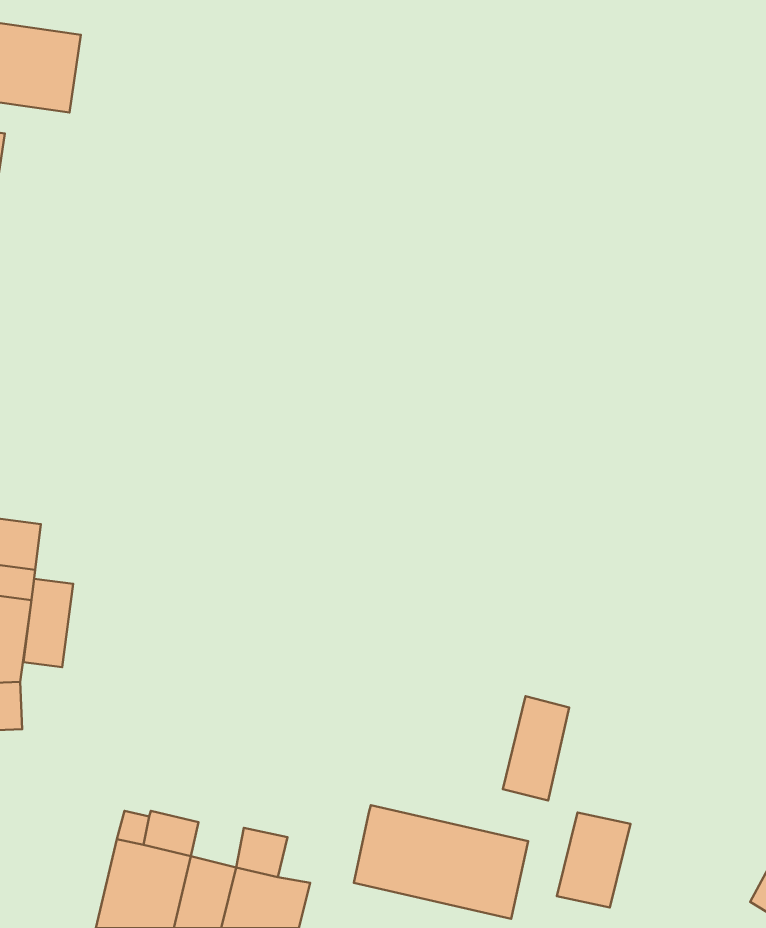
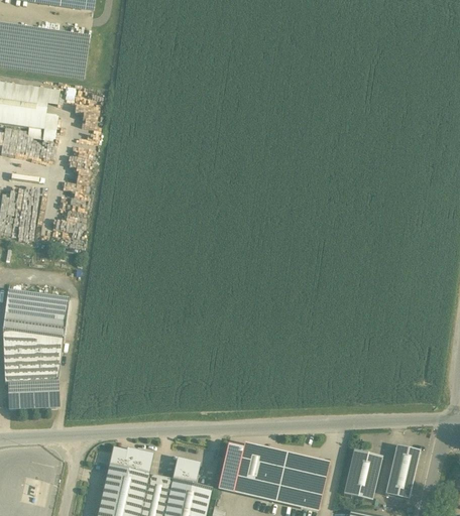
building: [23,579,73,667] -> none
building: [503,696,569,801] -> [384,443,420,499]
building: none -> [219,445,243,487]

